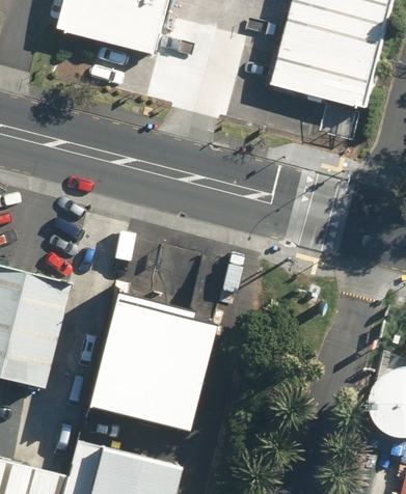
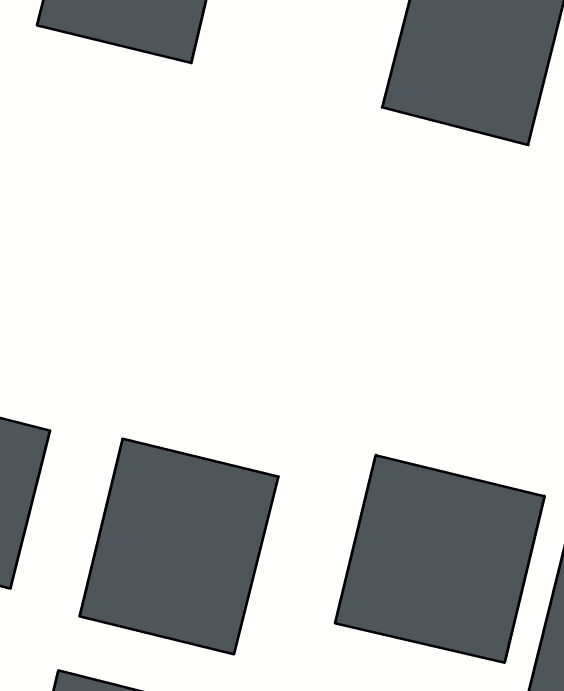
building: none -> [335,455,544,663]

